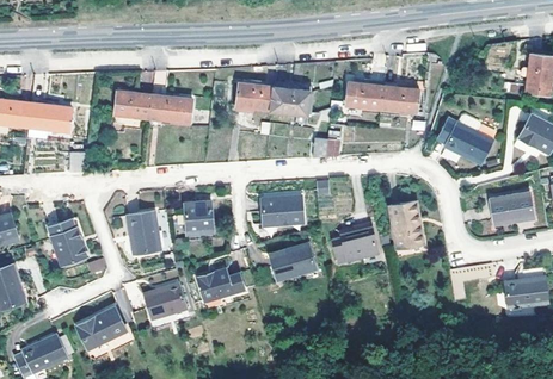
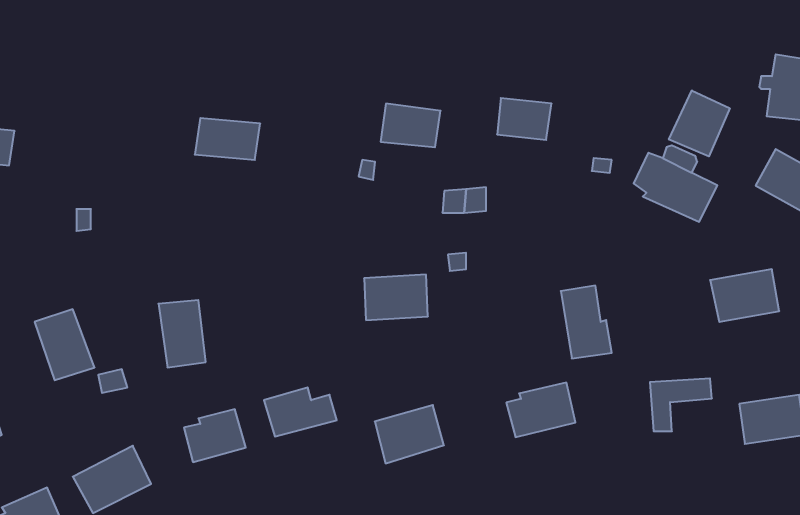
building: none -> [669,90,730,156]
building: [235,82,275,110] -> none
building: [380,85,419,112] -> none
building: [113,91,153,118] -> none
building: [27,102,72,129] -> none
building: [184,203,213,235] -> none
building: [331,229,376,265] -> [506,383,575,437]
building: [269,244,314,282] -> [375,405,444,463]

